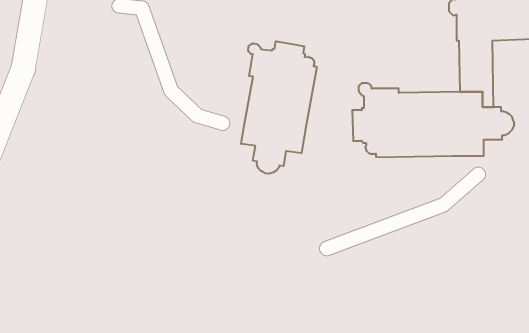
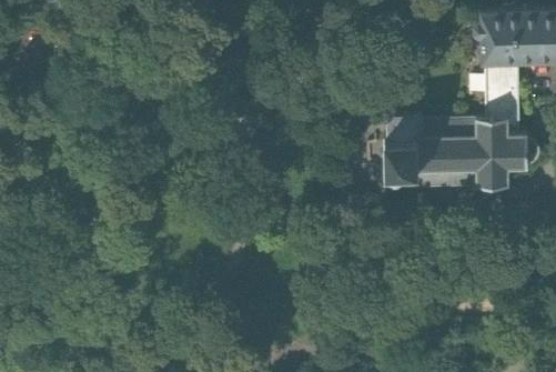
building: [241,41,317,174] -> none

